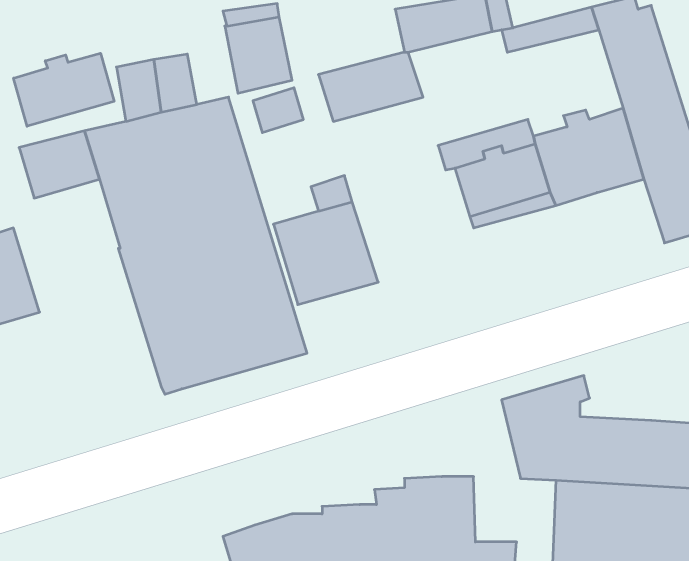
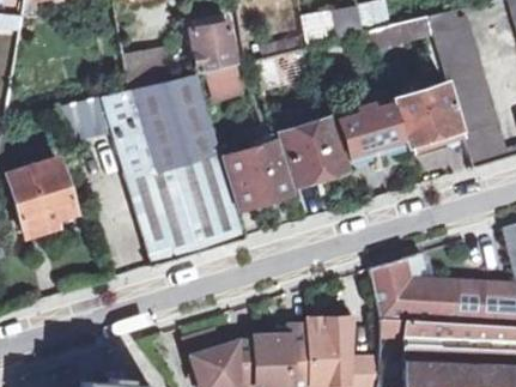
building: [14,53,114,126] -> none
building: none -> [280,117,347,185]

